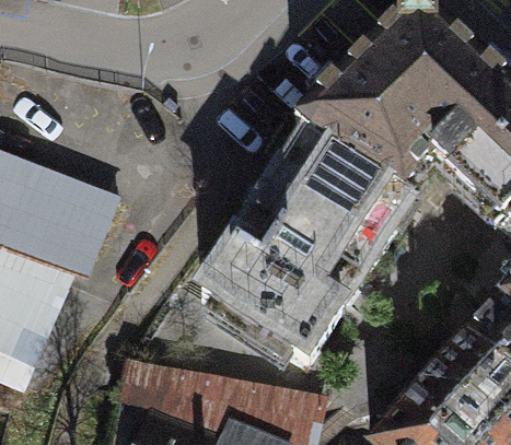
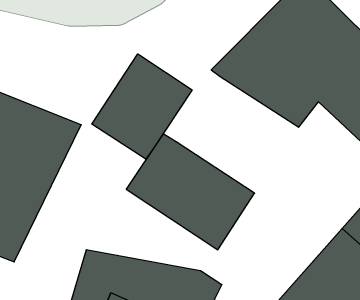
building: none -> [92,54,192,159]
building: [248,132,413,289] -> none

